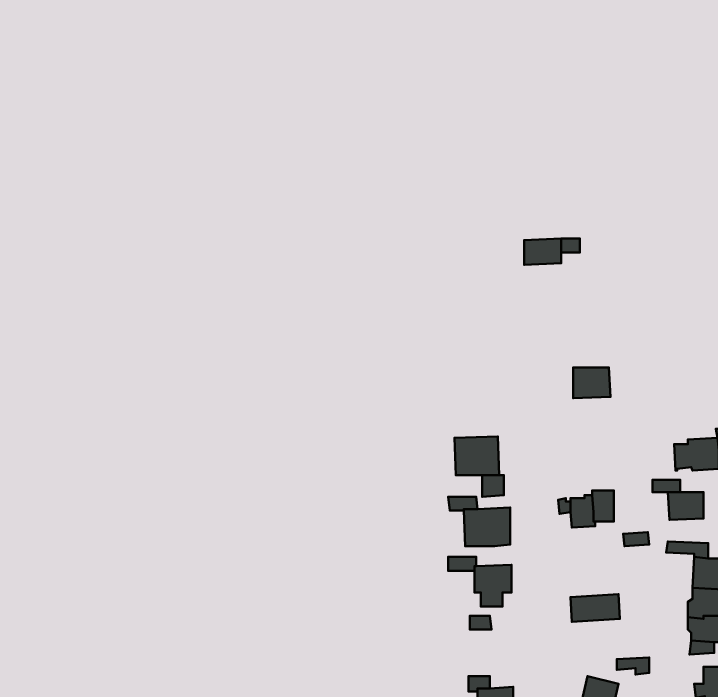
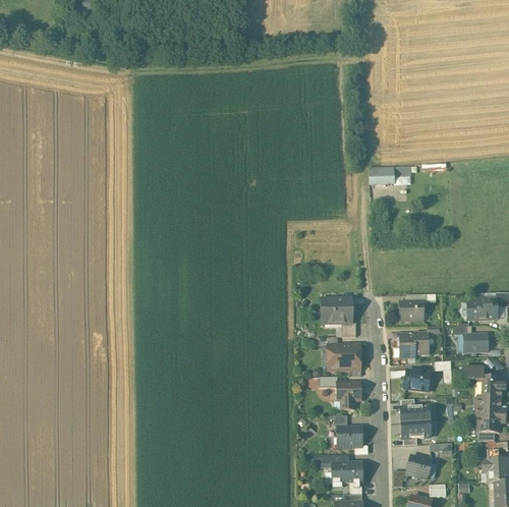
building: [573,367,610,398] -> [399,301,423,322]
building: none -> [404,371,430,391]
building: none -> [400,418,433,440]
building: none -> [337,428,360,447]

